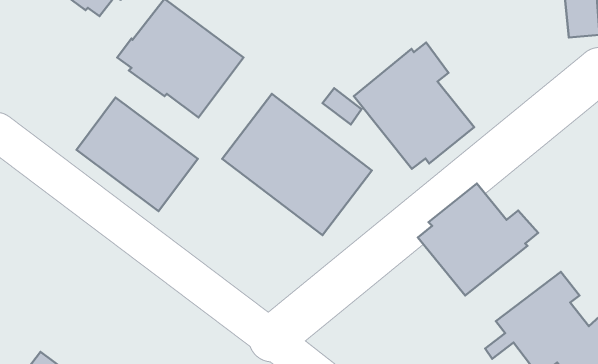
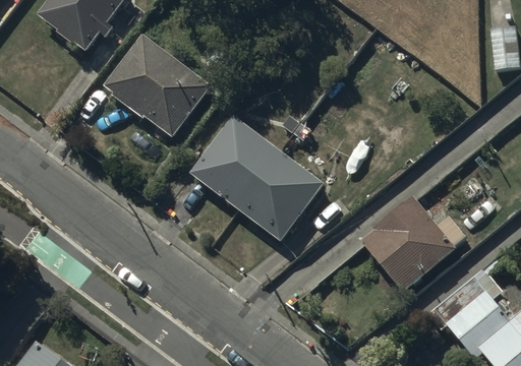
building: [354,43,474,169] -> none
building: [76,97,198,211] -> none

